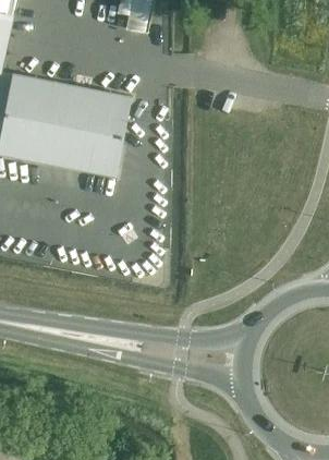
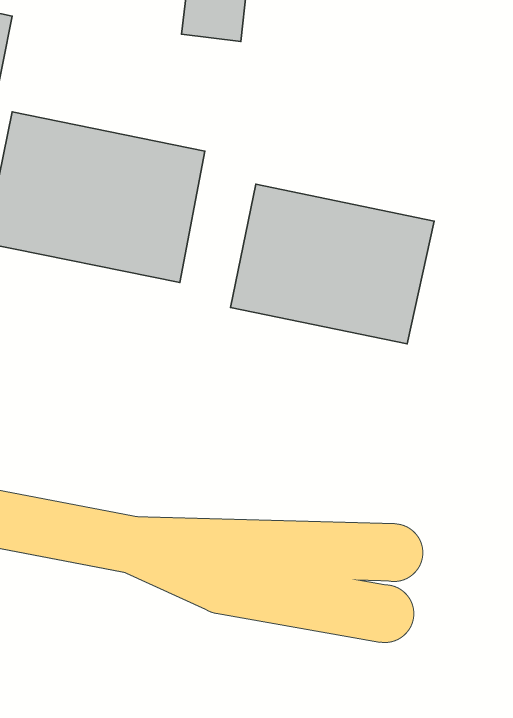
building: none -> [230,184,434,344]

